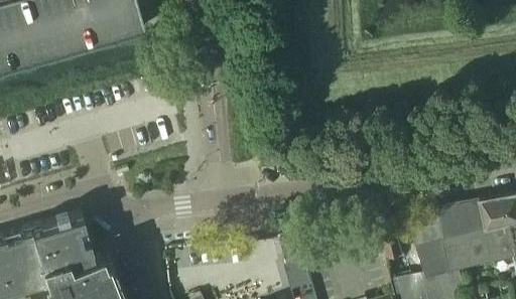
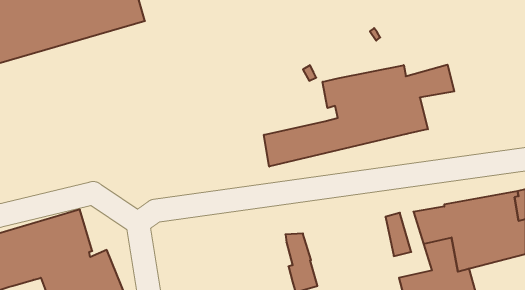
building: none -> [264,65,454,167]

